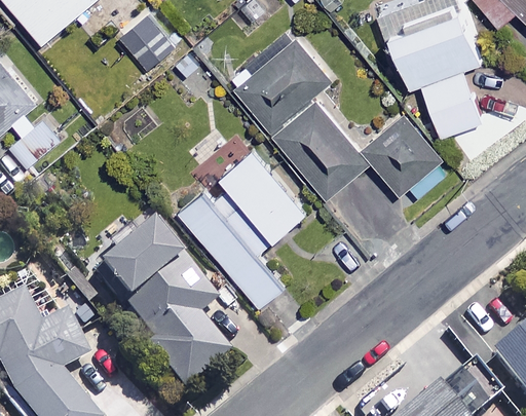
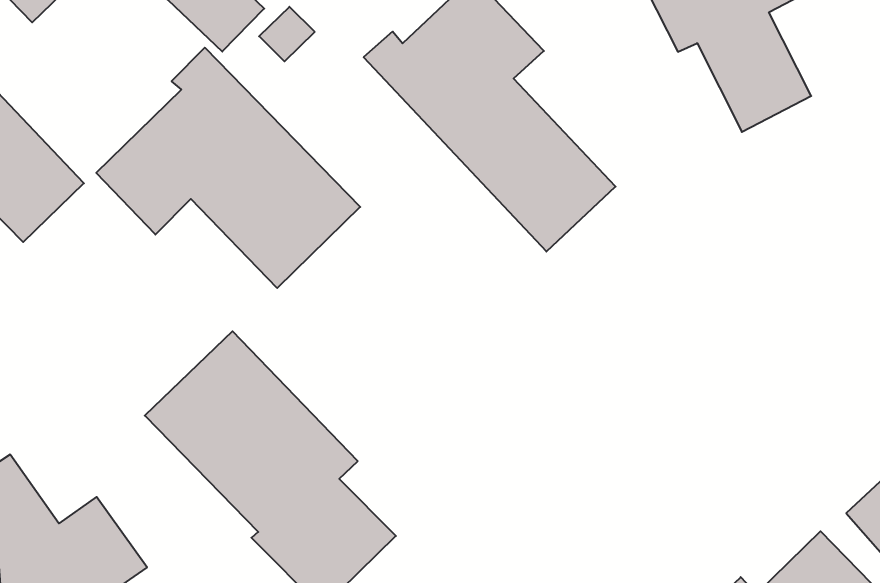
building: none -> [96,48,360,288]
building: [361,113,447,200] -> none
building: [179,150,305,307] -> none

